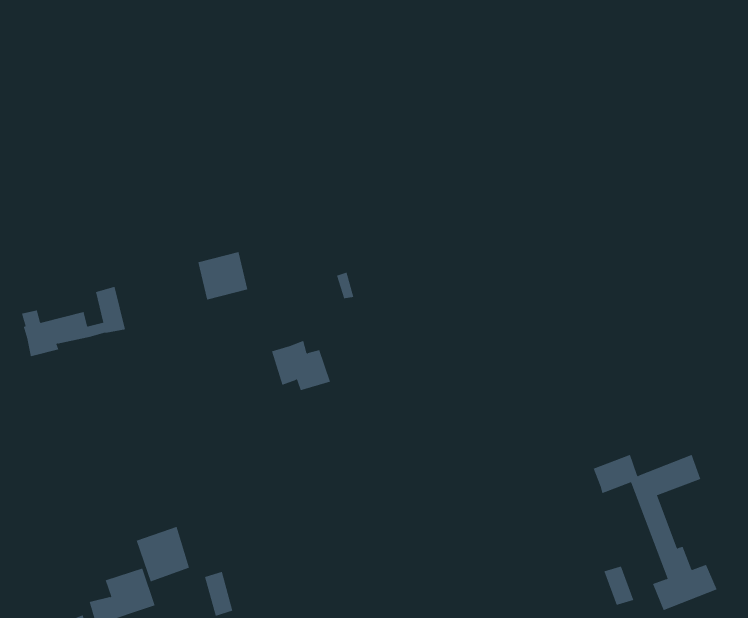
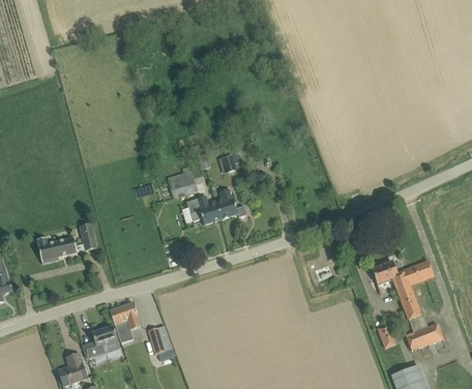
building: [198,251,248,300] -> [167,171,196,199]
building: [21,286,126,357] -> [36,223,96,264]
building: none -> [214,189,237,219]

